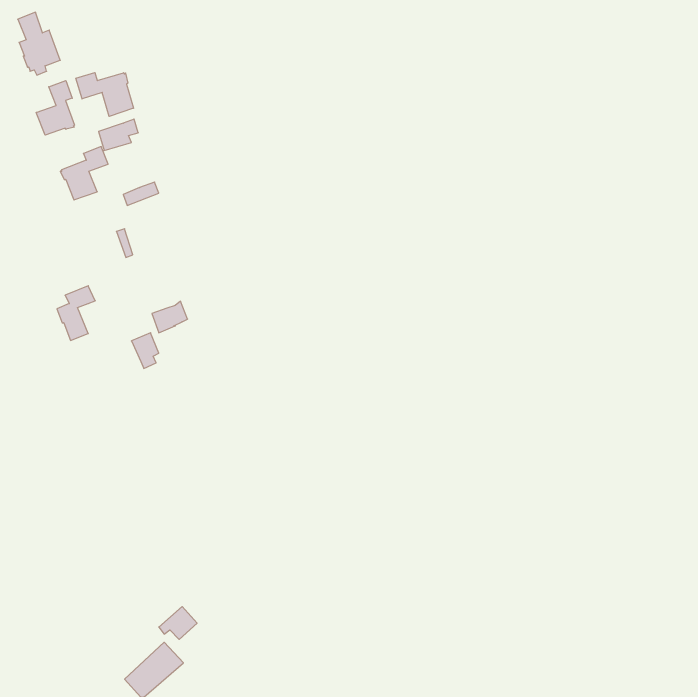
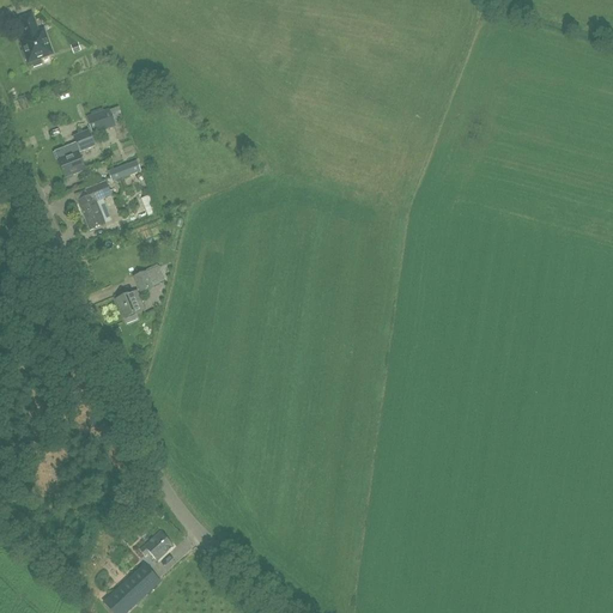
building: [76,73,134,116] -> none
building: [36,81,74,135] -> none
building: [57,286,95,340] -> [77,180,110,227]

